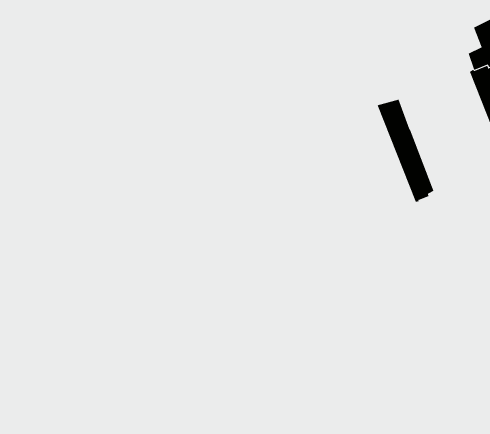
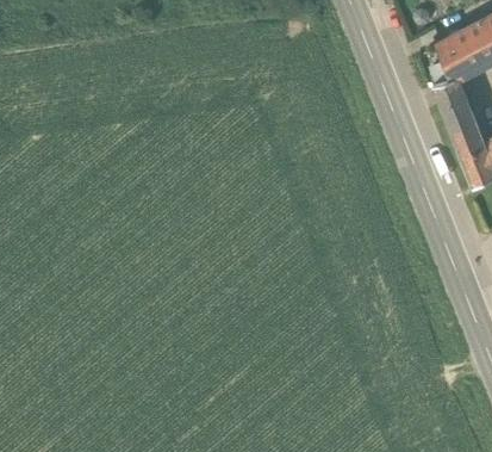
building: [377,99,434,202] -> none

